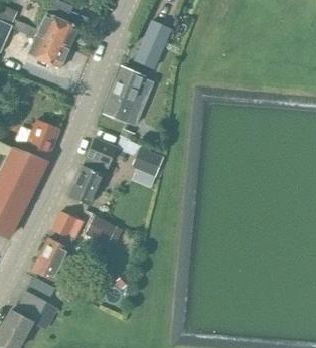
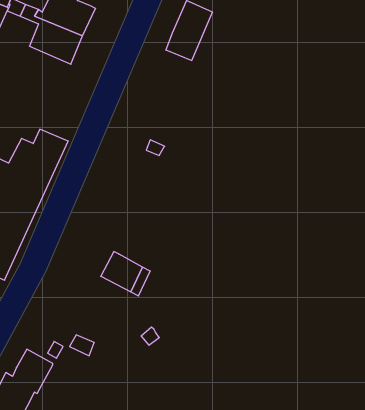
building: [104,67,145,122] -> none
building: [68,139,126,206] -> none
building: [132,148,164,177] -> none
building: [32,212,74,280] -> none

